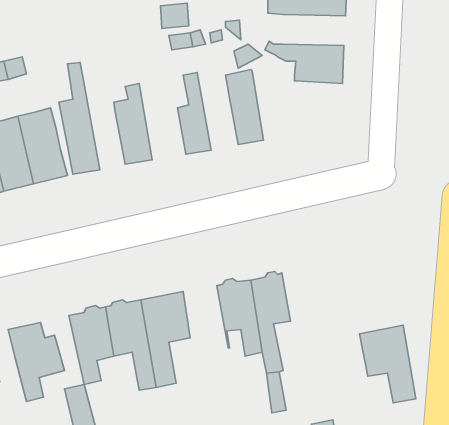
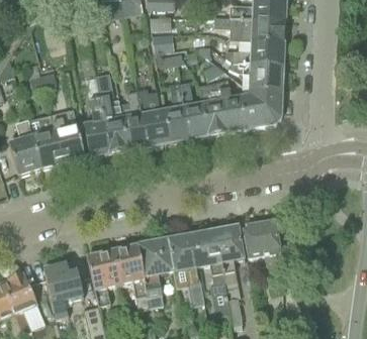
building: none -> [225,41,285,64]
building: none -> [95,73,127,152]
building: none -> [217,79,283,131]
building: none -> [179,81,208,138]
building: none -> [137,89,171,145]
building: none -> [169,235,205,306]
building: [359,325,416,403] -> [244,220,284,275]

